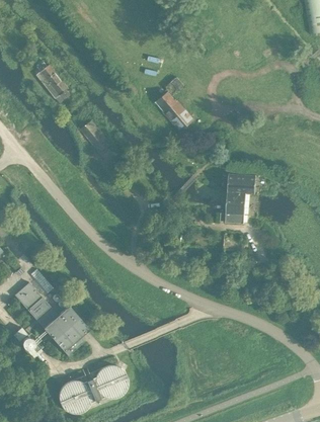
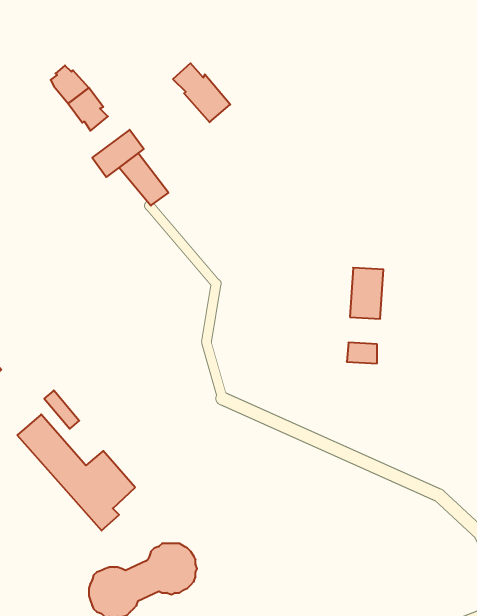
building: [157,92,193,130] -> [173,63,230,122]
building: none -> [92,130,144,177]
building: [227,172,255,192] -> none

